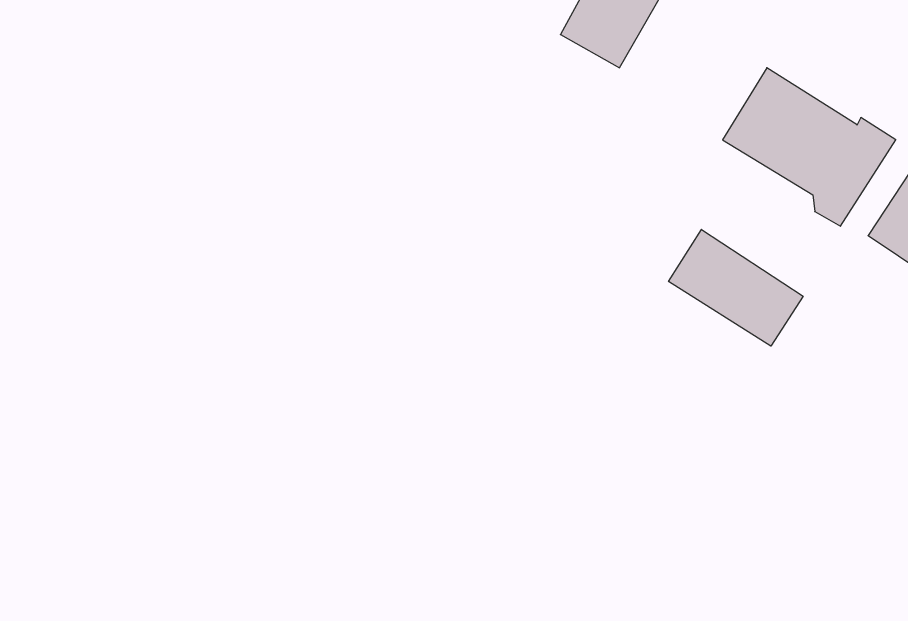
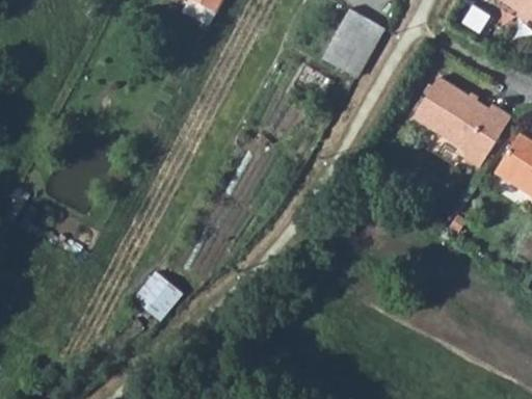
building: [669,229,803,346] -> none
building: none -> [135,268,185,318]

